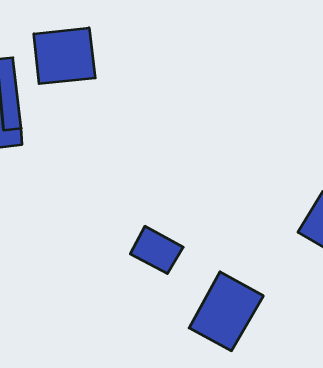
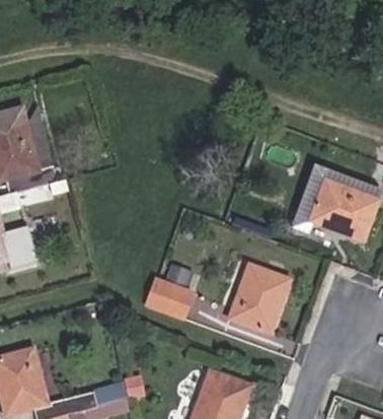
building: [34,28,95,84] -> none
building: [130,226,183,274] -> [148,279,194,318]

